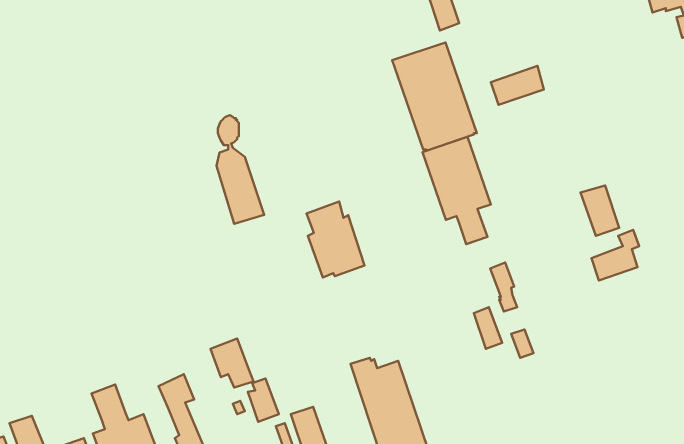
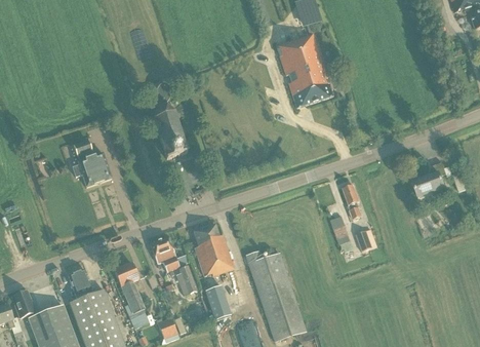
building: [491,66,544,105] -> none
building: [423,137,491,244] -> none
building: [581,185,619,236] -> none
building: none -> [72,141,111,187]
building: [306,202,364,277] -> [193,224,233,276]

